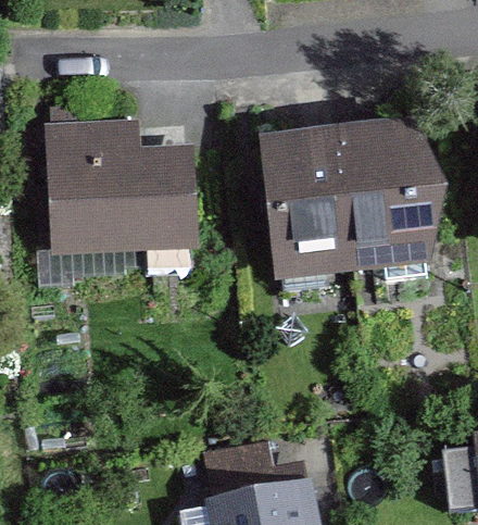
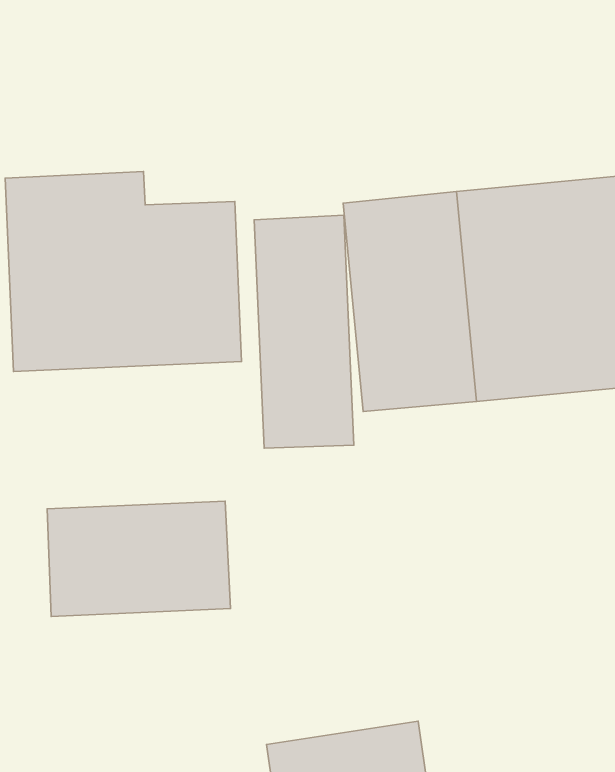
building: none -> [254,215,354,448]
building: none -> [47,501,230,616]

